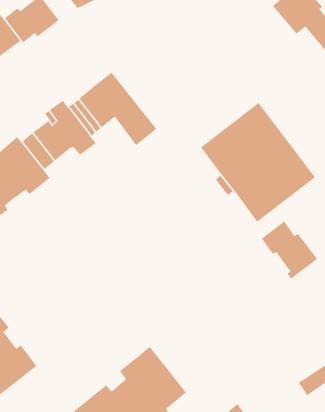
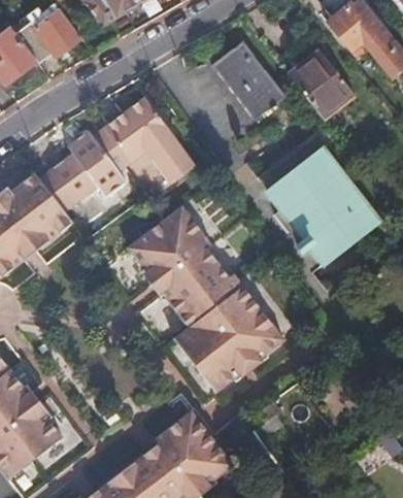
building: none -> [208,40,287,124]
building: none -> [292,52,354,117]
building: none -> [129,207,284,397]
building: [261,220,318,279] -> none

